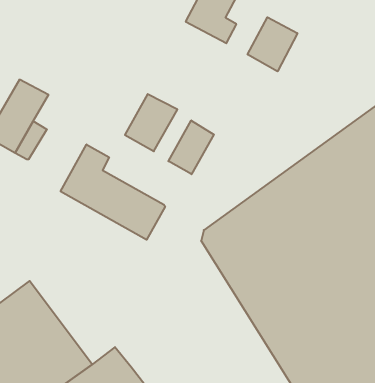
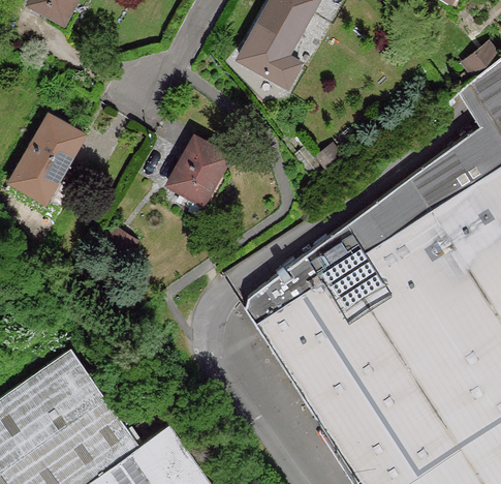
building: [248,17,297,71] -> none
building: [168,120,214,174] -> none
building: [61,144,165,240] -> none

